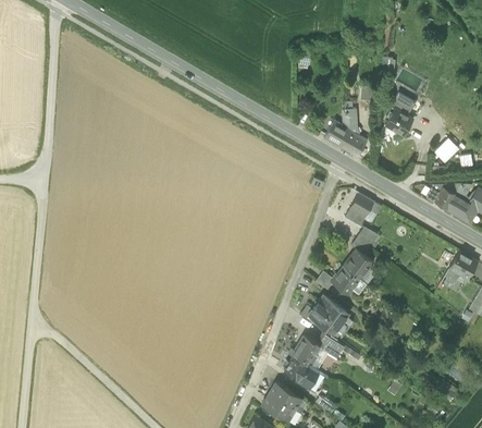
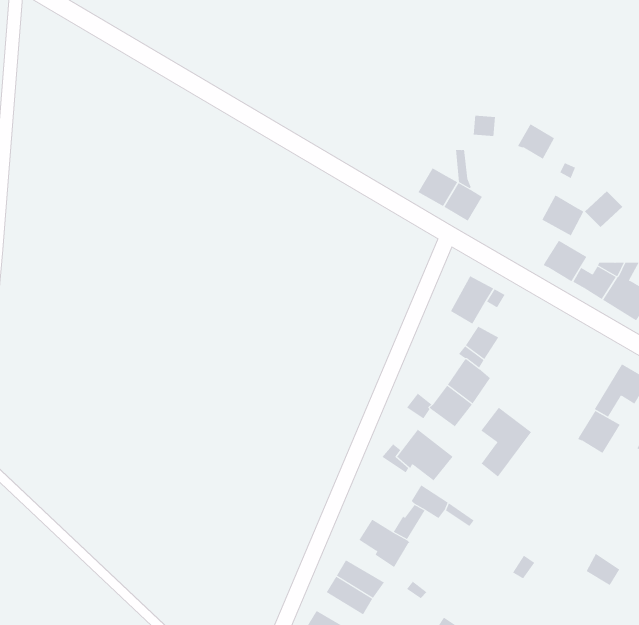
building: [385,108,413,135] -> [542,195,584,236]
building: none -> [543,240,587,282]
building: none -> [481,407,532,477]
building: none -> [577,410,620,454]
building: [289,335,322,364] -> none

